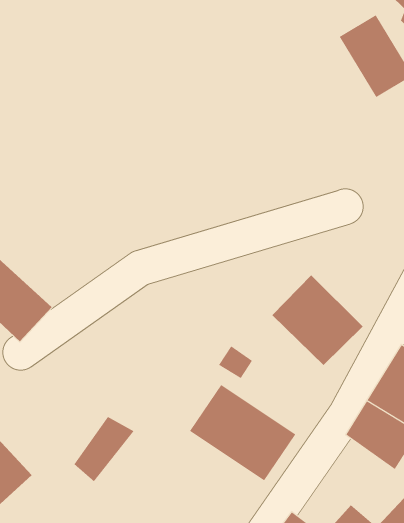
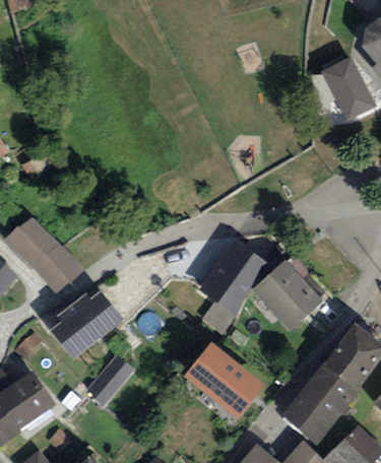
building: none -> [199,238,266,311]
building: none -> [53,287,126,356]
building: none -> [280,386,340,444]

